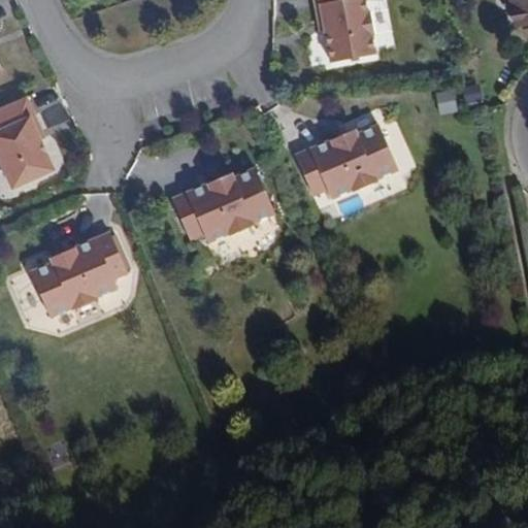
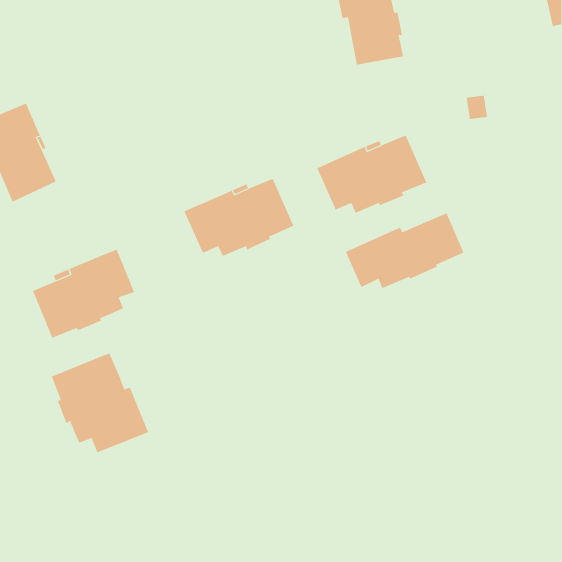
building: none -> [345,213,464,289]
building: none -> [51,353,149,453]

